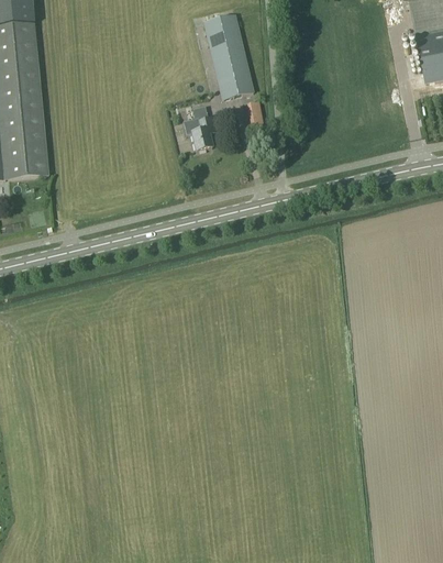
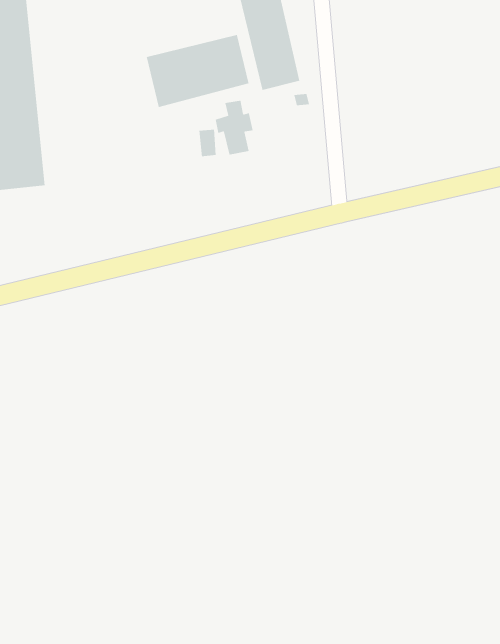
building: none -> [146,34,249,108]

